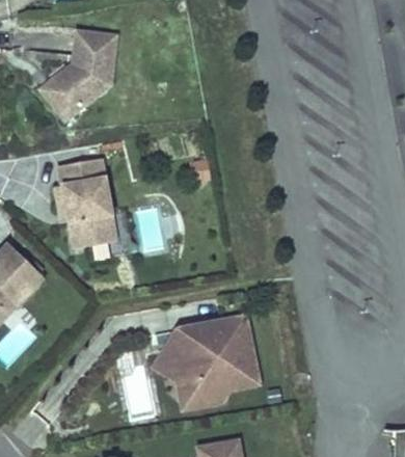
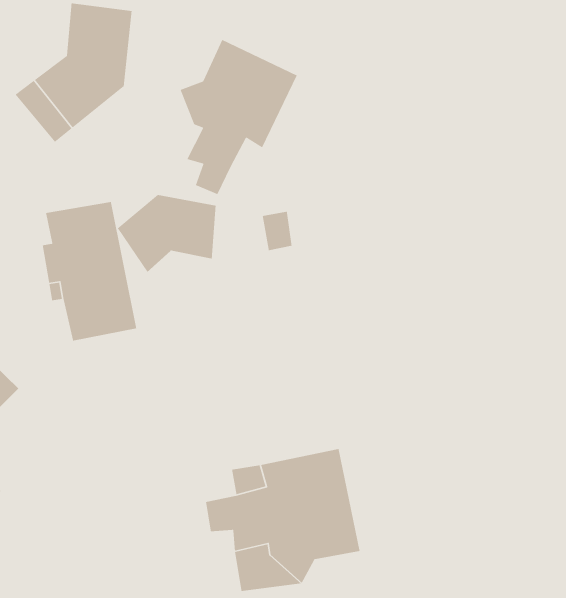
building: none -> [180,39,298,195]
building: none -> [117,194,217,273]

